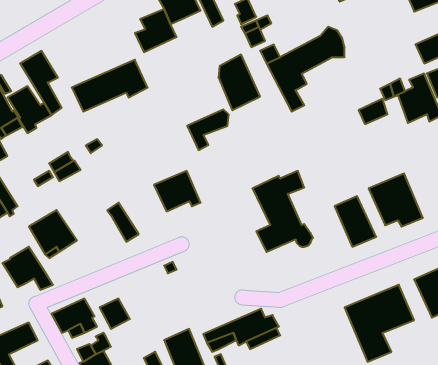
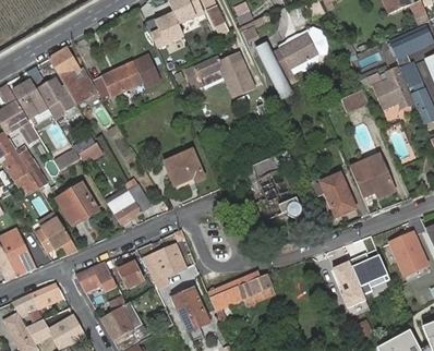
building: [187,110,229,150] -> [185,56,221,90]
building: none -> [105,185,141,223]
building: none -> [143,242,188,290]

